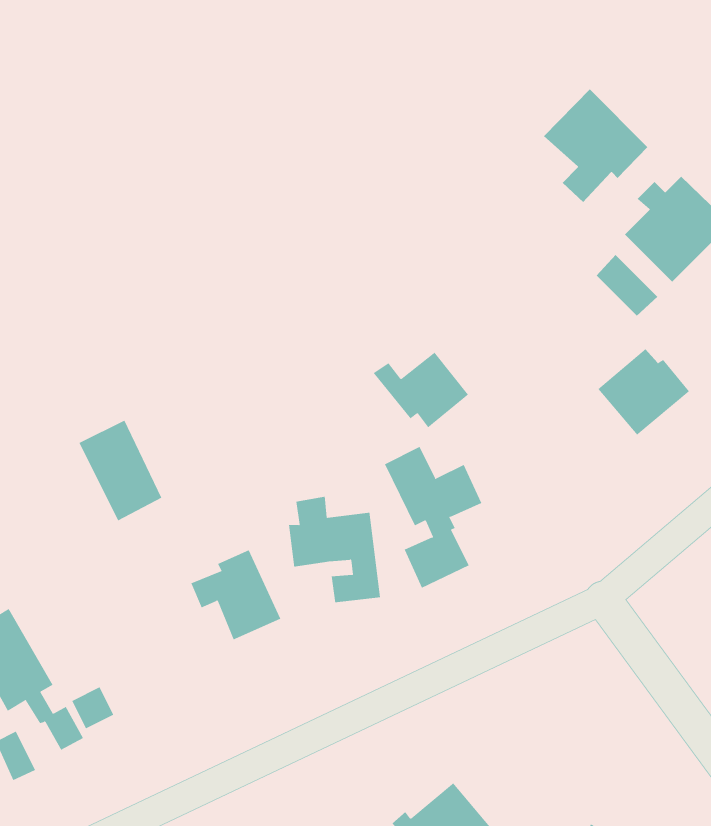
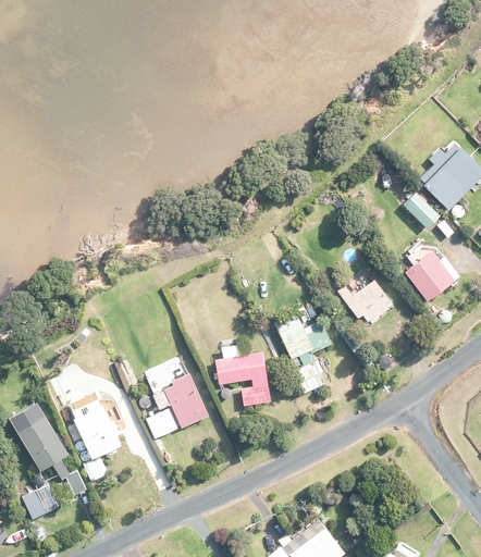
building: [543,88,648,203] -> none
building: [373,352,469,428] -> [335,278,394,325]
building: [79,420,162,521] -> [70,395,121,457]
building: none -> [144,408,176,440]

